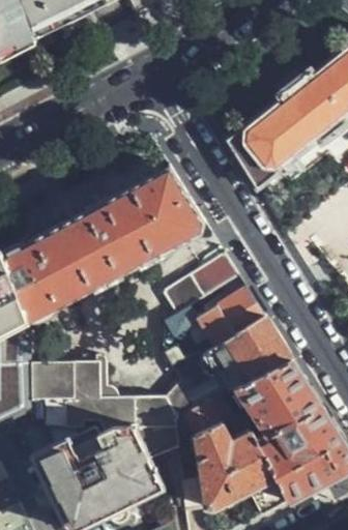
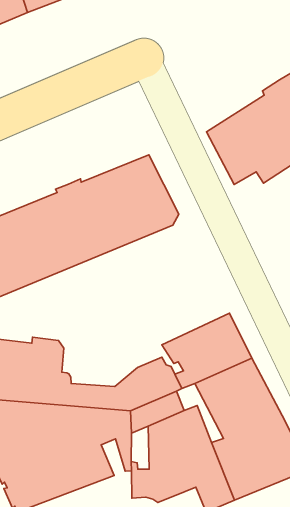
building: [162,254,264,379] -> none

